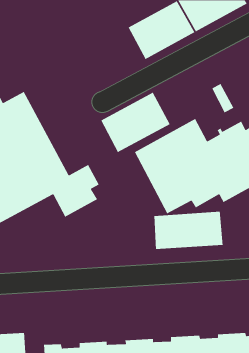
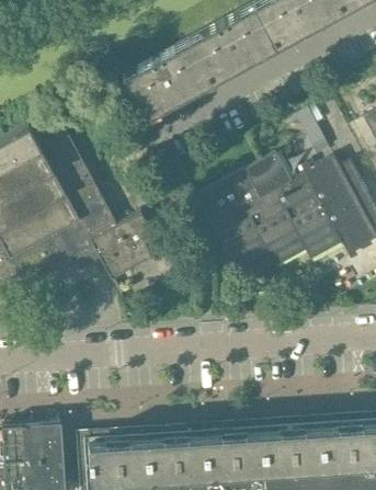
building: [100,91,171,153] -> [123,37,212,115]
building: [154,211,223,250] -> none

